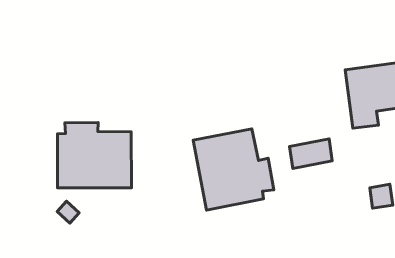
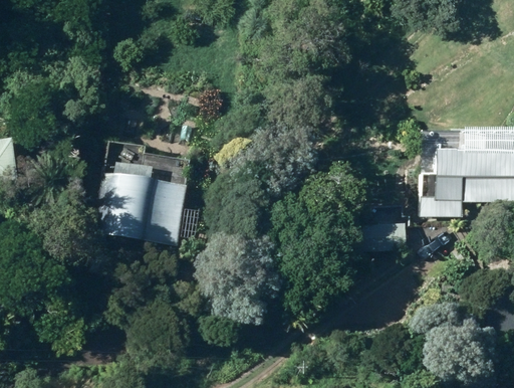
building: [193,129,274,210] -> none

